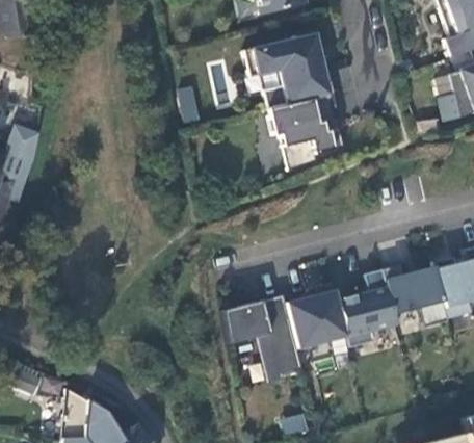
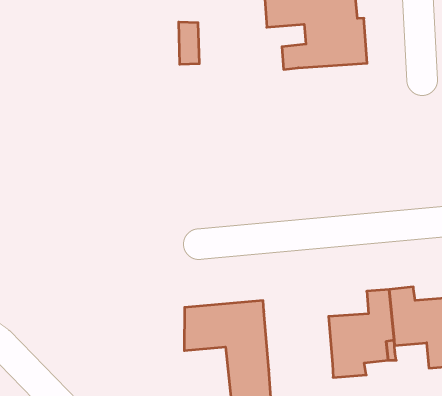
building: [269,94,345,172] -> none
building: [284,283,345,349] -> none

